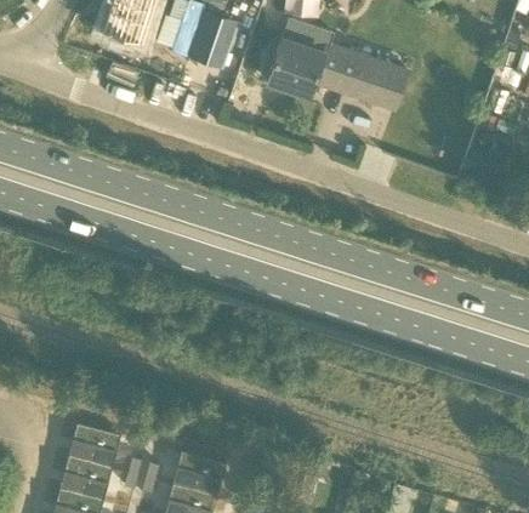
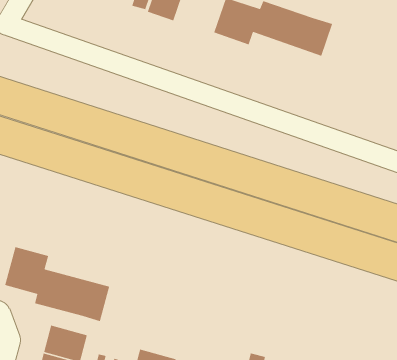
building: none -> [4,246,110,322]

